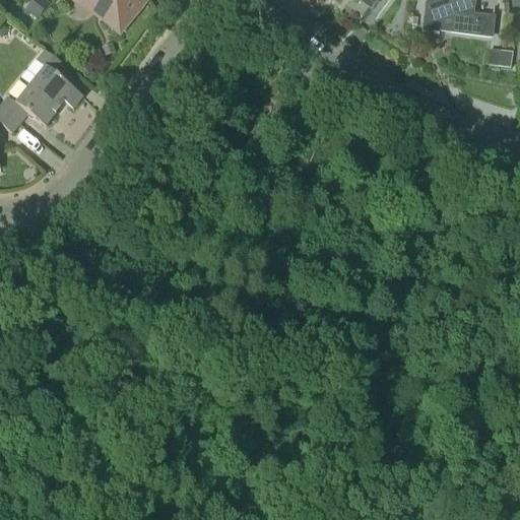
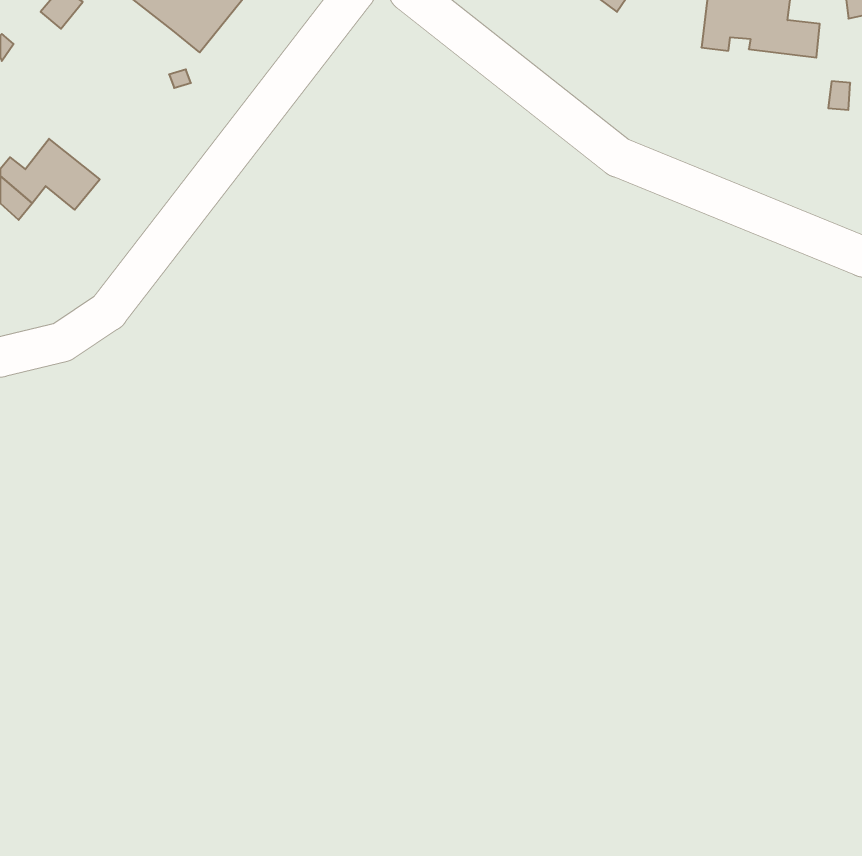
building: [30,48,76,108] -> none

